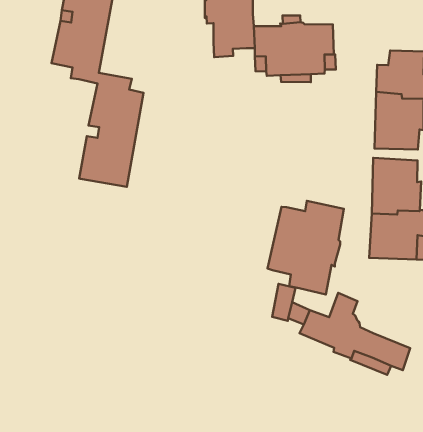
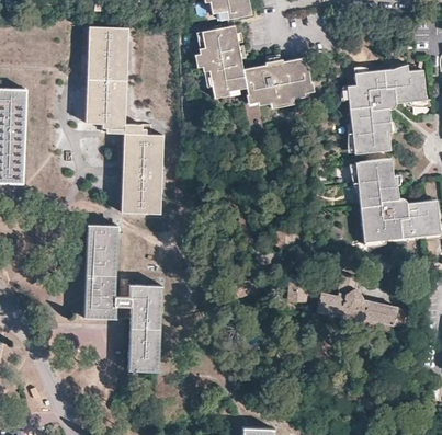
building: none -> [84,225,161,371]
building: [267,201,344,294] -> none

